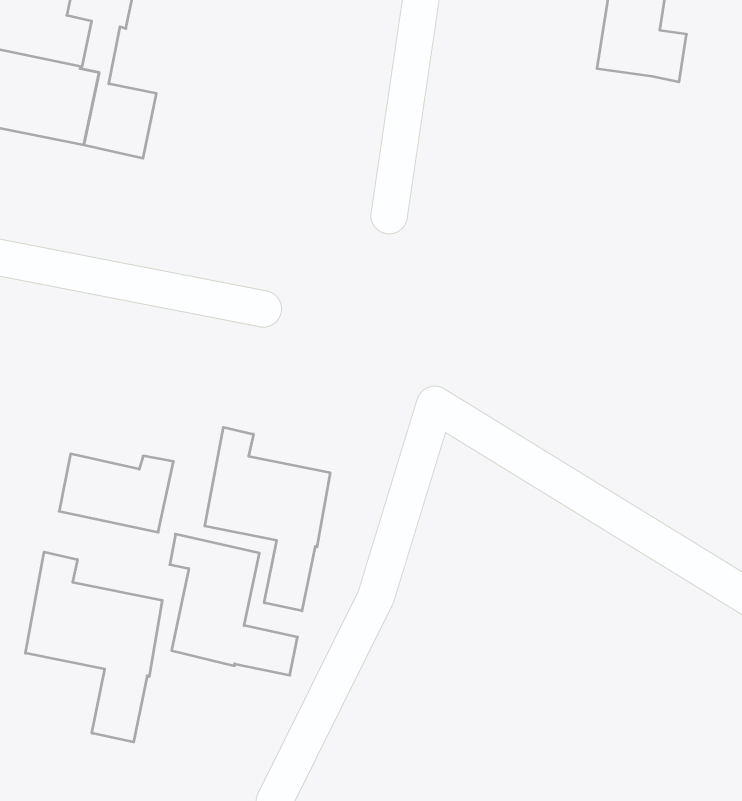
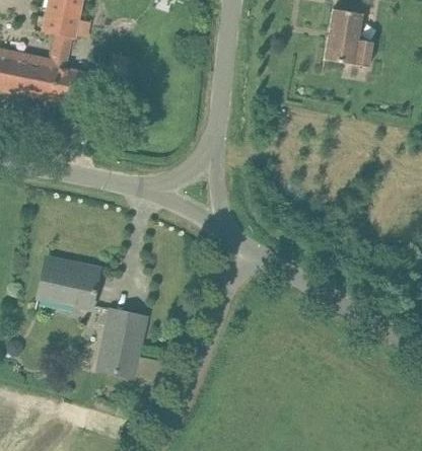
building: [205,427,330,611] -> none
building: [25,552,162,742] -> none

